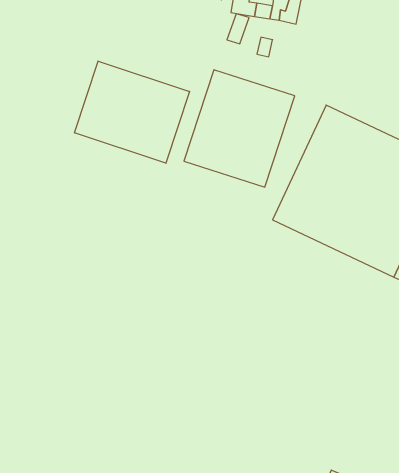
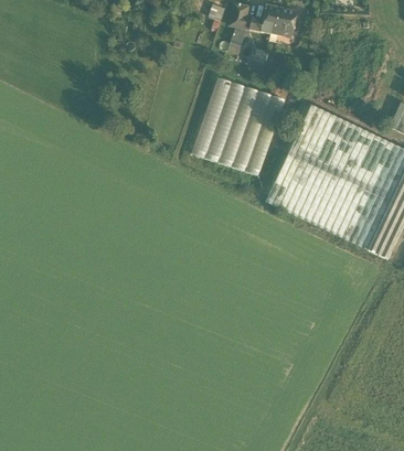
building: [75,61,190,163] -> none

